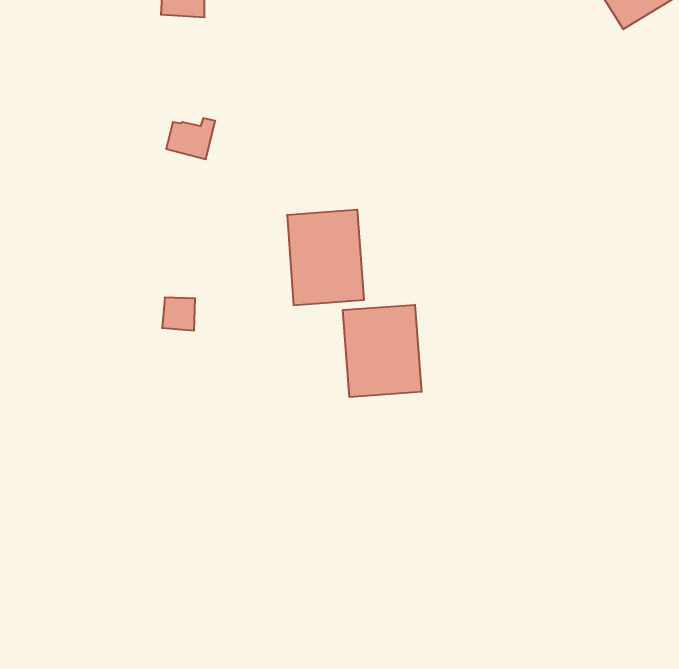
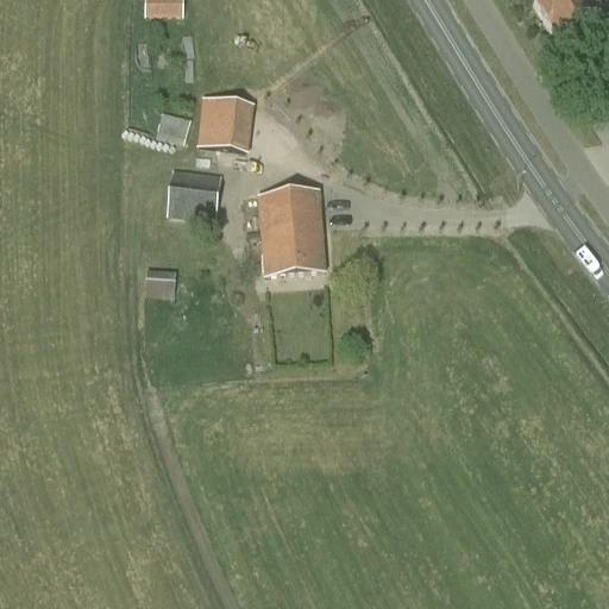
building: none -> [200,96,251,149]
building: none -> [168,168,220,219]
building: [343,305,421,397] -> none

